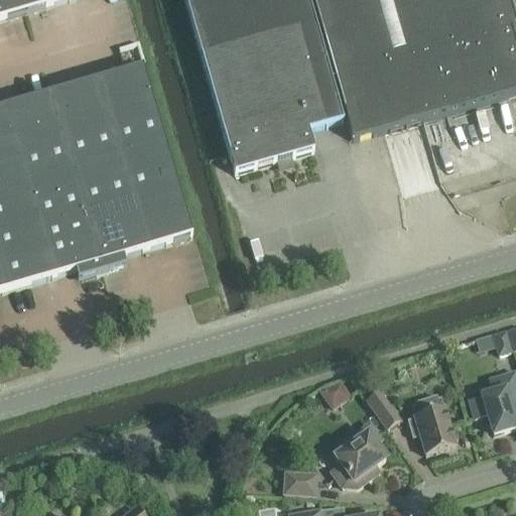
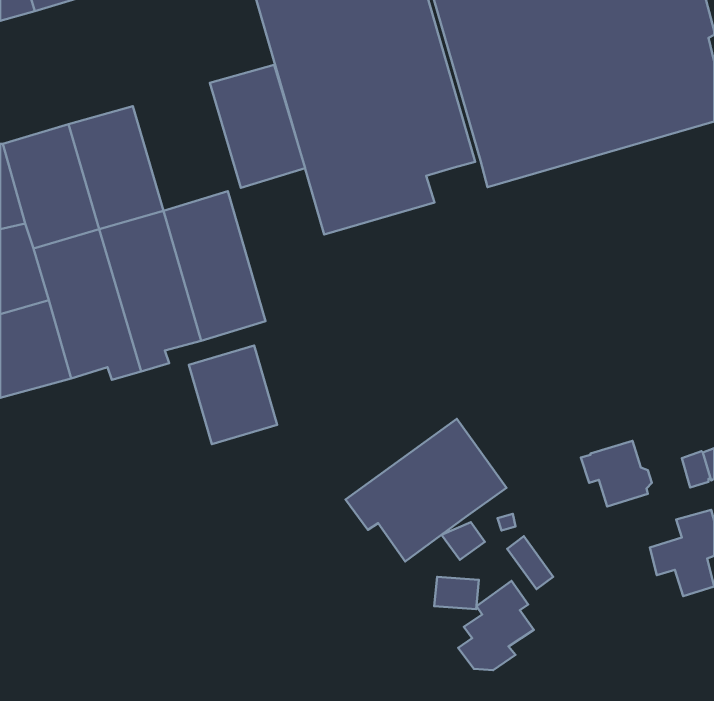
building: [96,63,164,152] -> [210,65,305,188]
building: none -> [189,346,277,444]
building: none -> [345,419,507,562]
building: [406,403,458,450] -> [581,441,652,507]
building: [283,469,315,492] -> [434,577,479,609]

